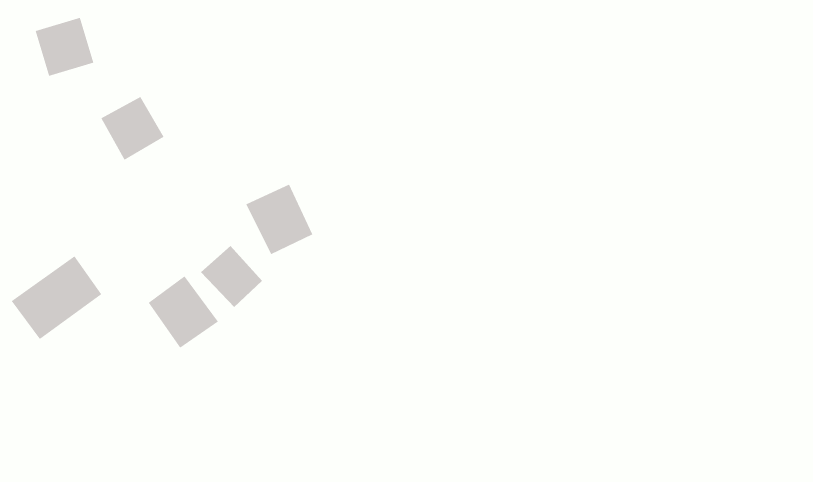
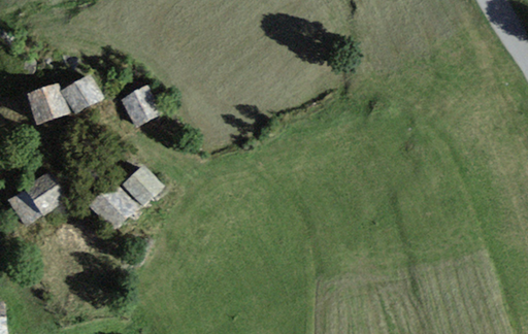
building: [35,17,94,77] -> [25,86,61,122]
building: [246,184,313,255] -> [121,86,162,129]

